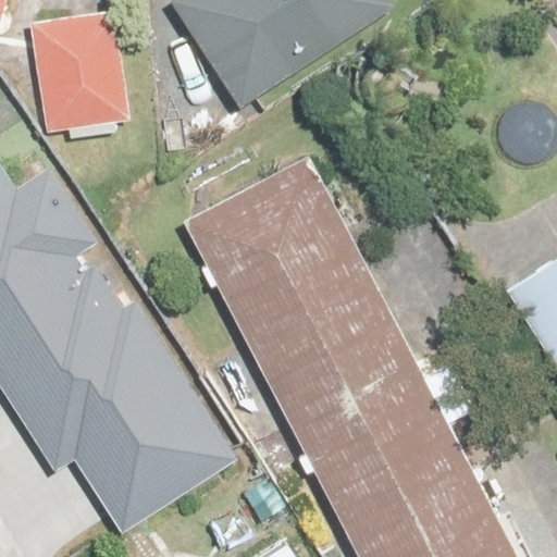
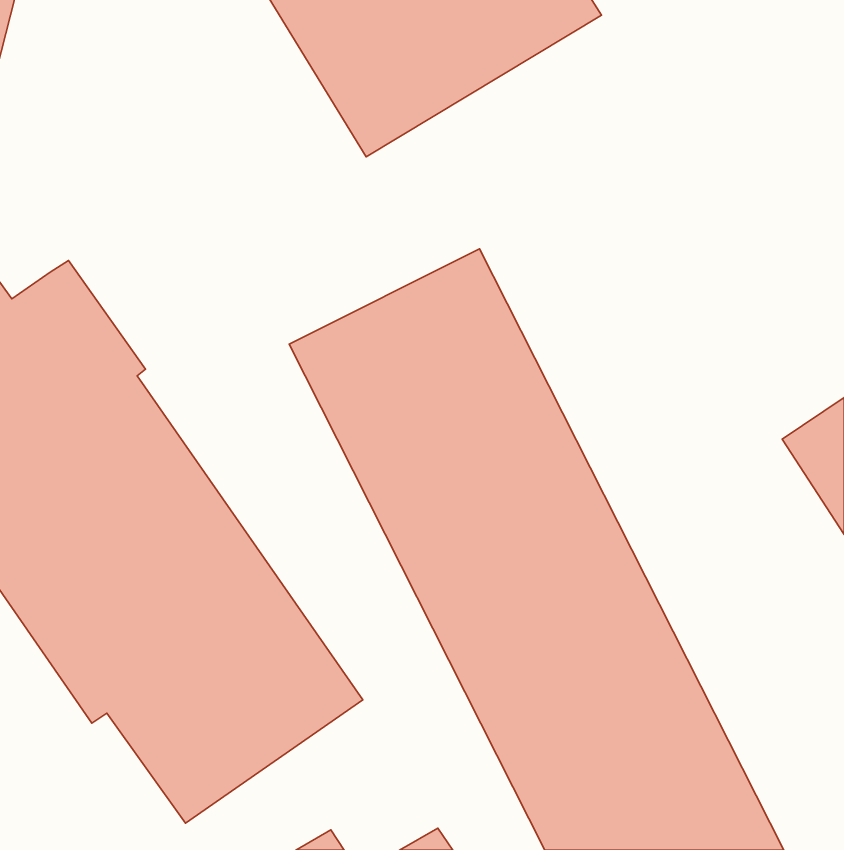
building: [30,11,132,137] -> none

